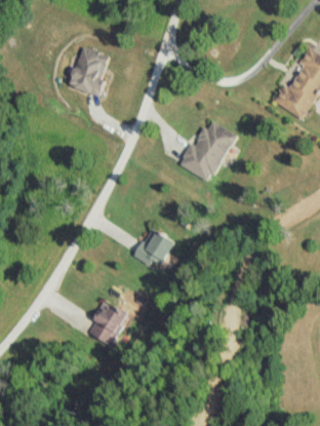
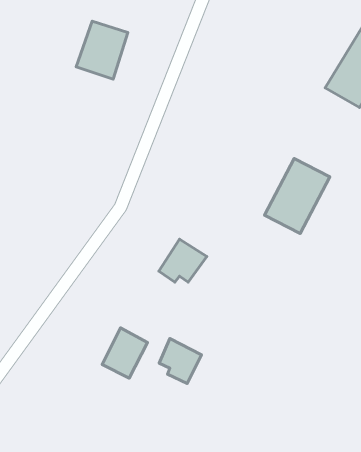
building: [182,118,236,181] -> [264,159,330,234]
building: none -> [159,338,202,384]

